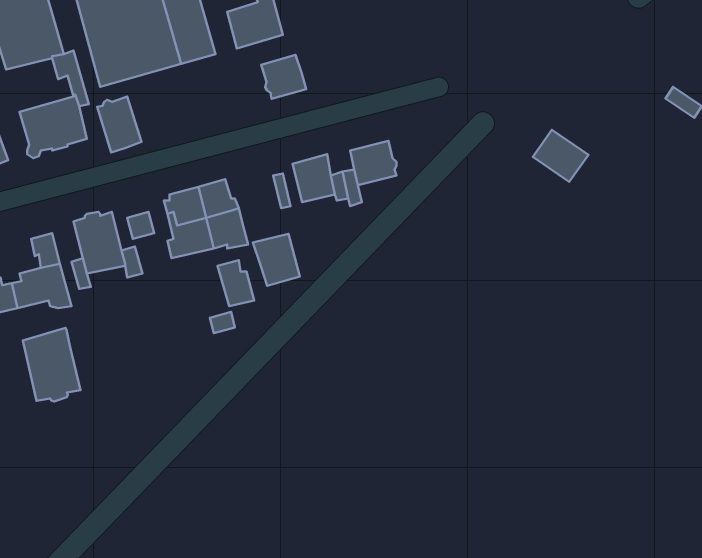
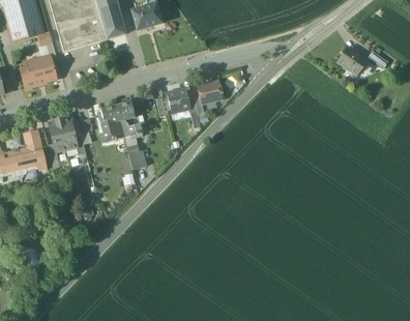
building: [261,55,306,99] -> none
building: [97,96,141,152] -> none
building: [533,130,588,182] -> [338,47,368,75]
building: [253,234,300,286] -> none
building: [23,328,81,401] -> none

